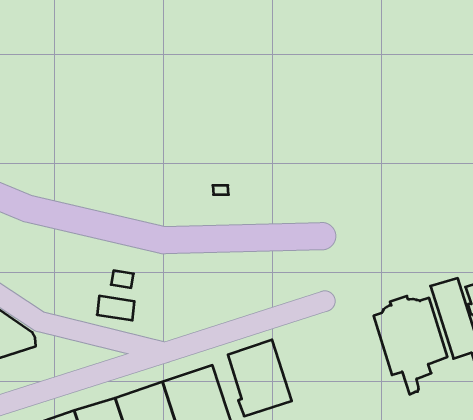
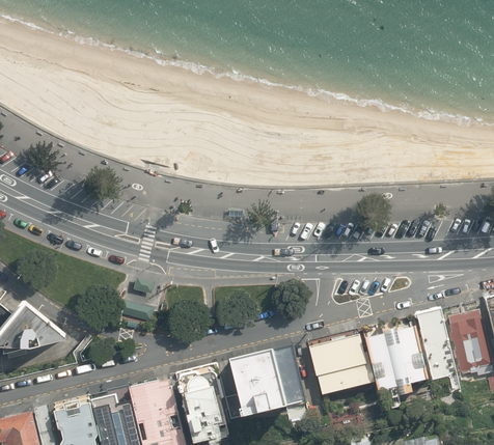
building: none -> [306,327,374,394]
building: none -> [271,345,305,407]

